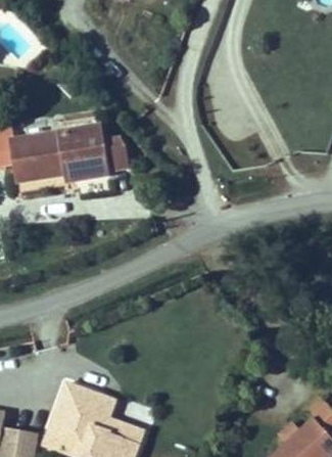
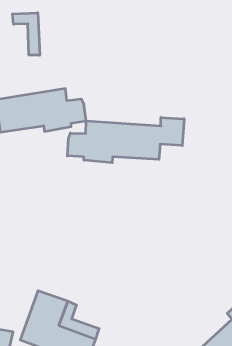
building: none -> [12,13,40,55]
building: none -> [67,117,184,163]

